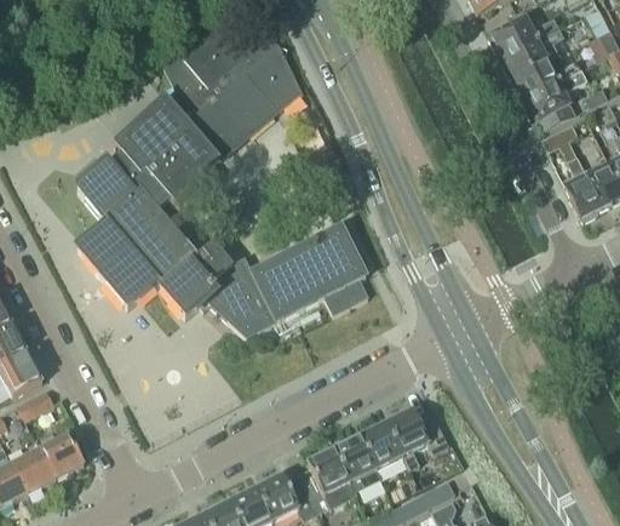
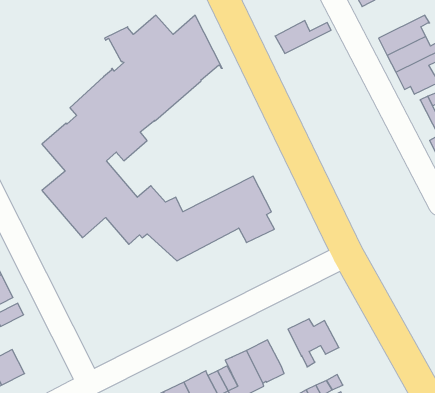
building: [487,15,557,56] -> [275,21,331,53]
building: [360,422,402,468] -> none
building: [34,430,82,478] -> none

